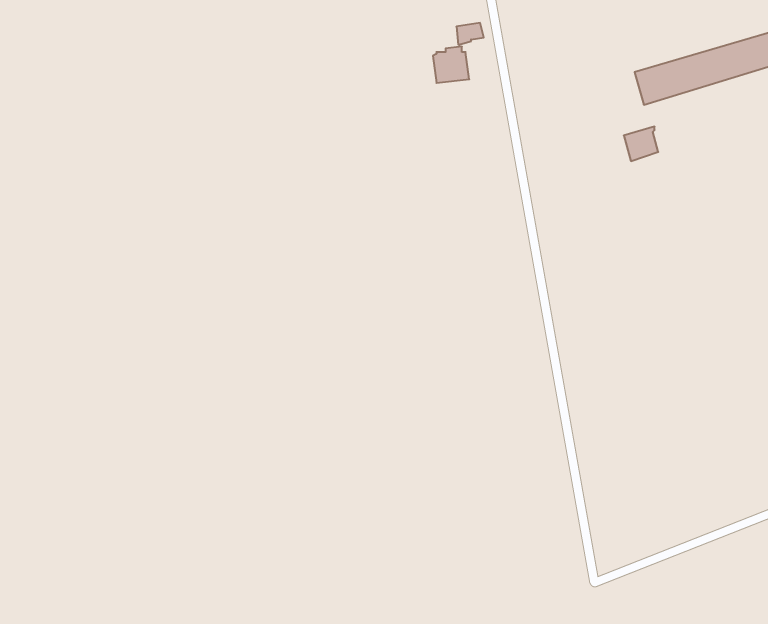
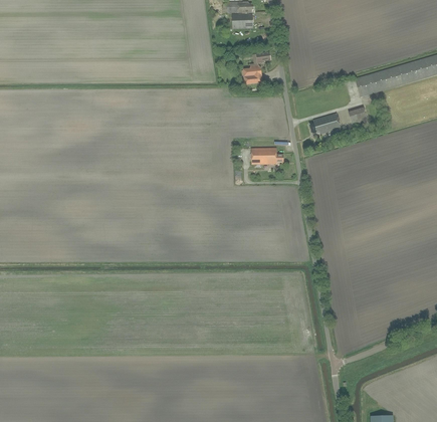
building: none -> [308,114,340,134]
building: none -> [250,148,282,164]

